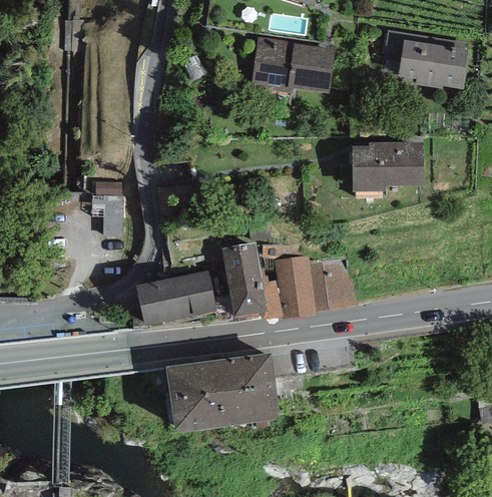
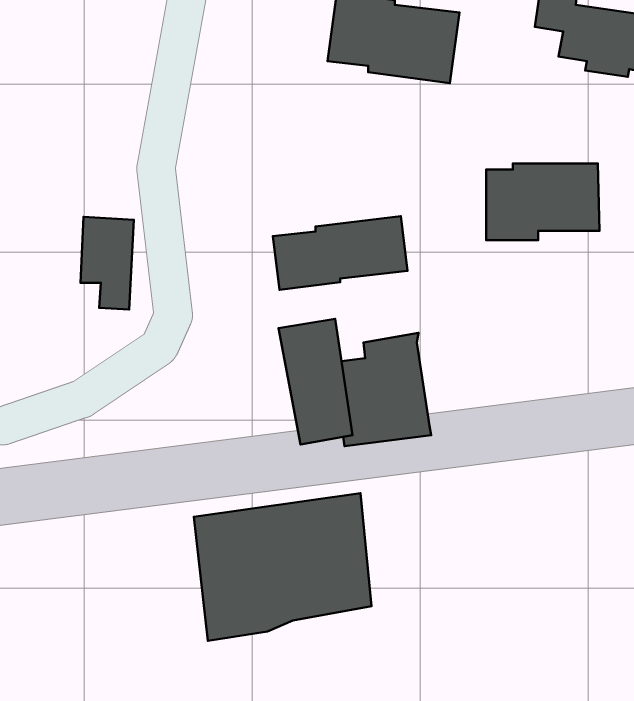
building: none -> [273,216,407,290]
building: [308,255,357,310] -> none
building: [135,269,215,329] -> none

